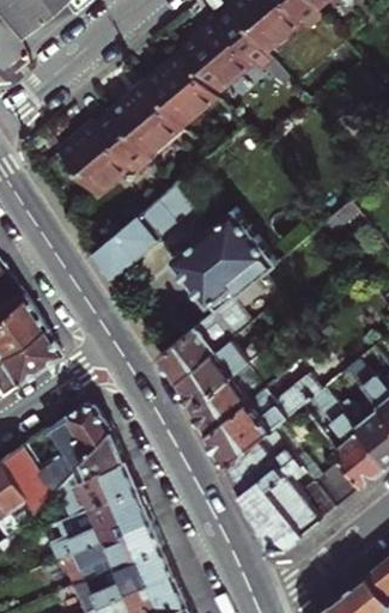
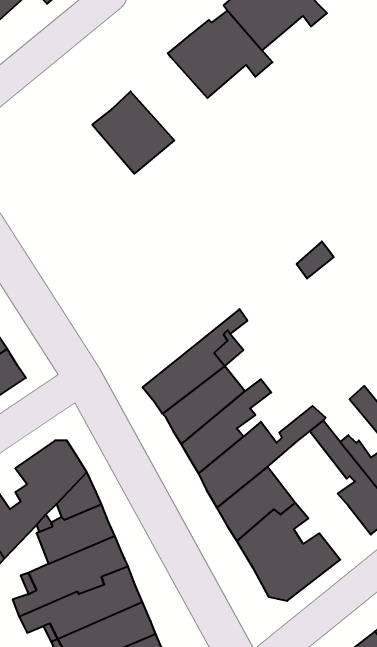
building: [146,60,221,135] -> none
building: [60,121,153,200] -> none
building: [91,188,194,286] -> none
building: [172,213,284,314] -> none
building: [315,465,363,514] -> none

